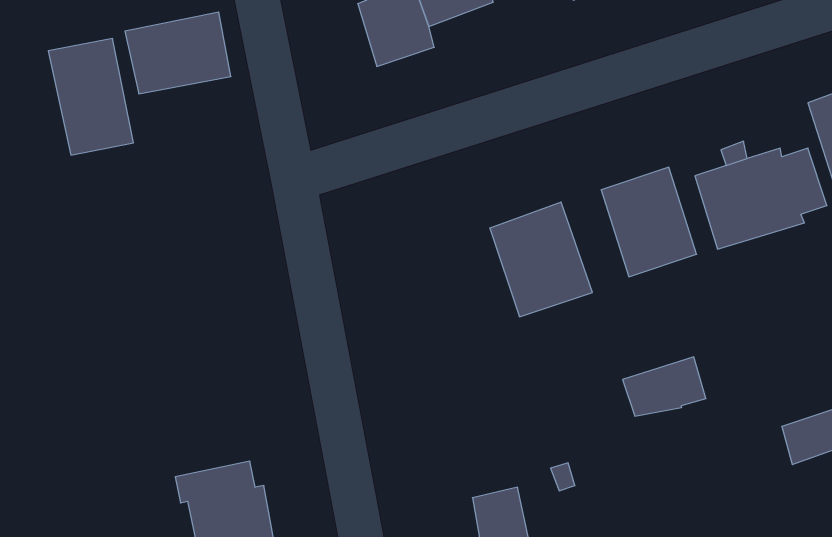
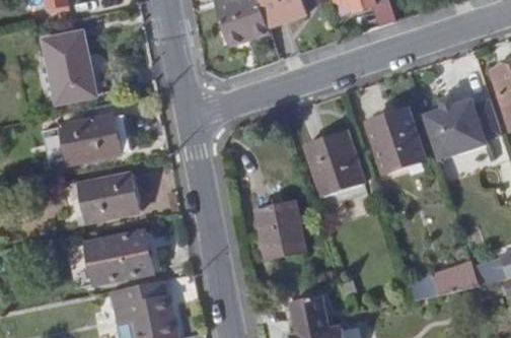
building: [125,12,231,94] -> [60,116,122,163]
building: none -> [80,174,141,221]
building: none -> [257,204,302,244]
building: [623,357,706,416] -> [430,263,479,297]
building: none -> [87,232,154,282]

